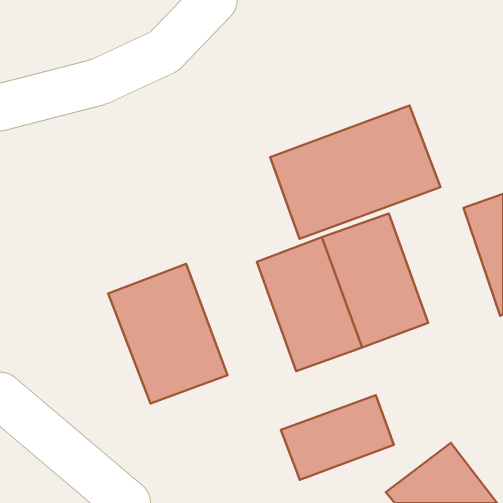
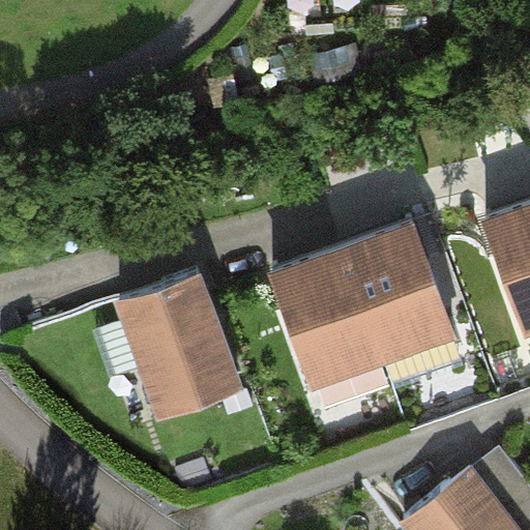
building: [270,105,441,239] -> none
building: [281,395,394,480] -> none

